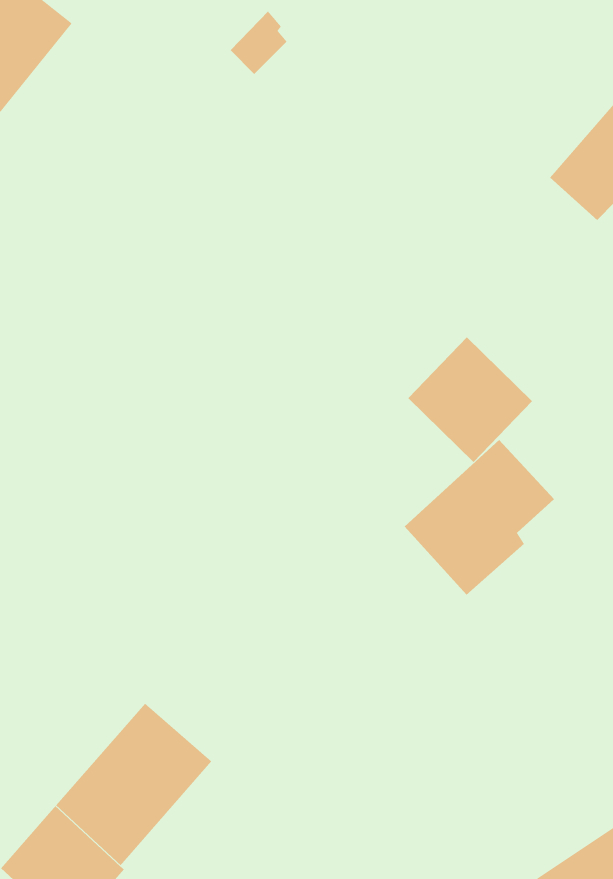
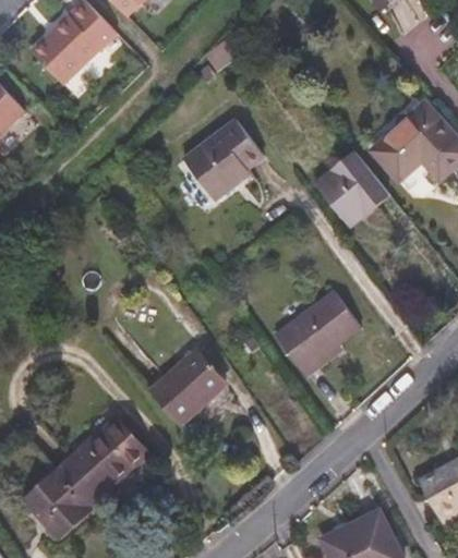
building: none -> [172,108,253,189]
building: [408,336,533,463] -> [318,153,388,223]
building: none -> [153,351,224,422]

